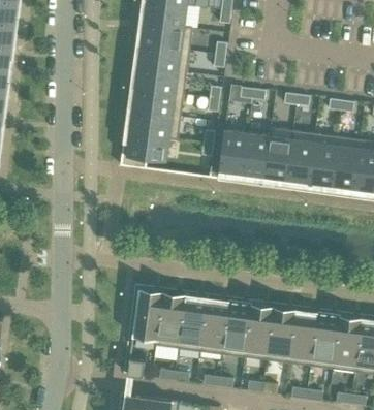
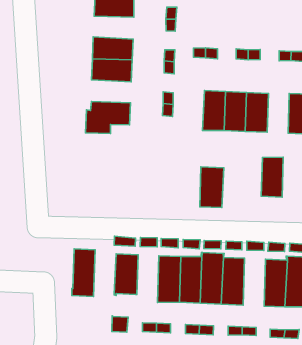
building: [137,43,182,71] -> none
building: [129,109,173,137] -> none
building: [219,129,248,174] -> [200,167,224,208]
building: [309,141,336,185] -> [261,157,283,197]
building: [155,296,184,348] -> [72,249,95,296]
building: [267,311,294,362] -> none

